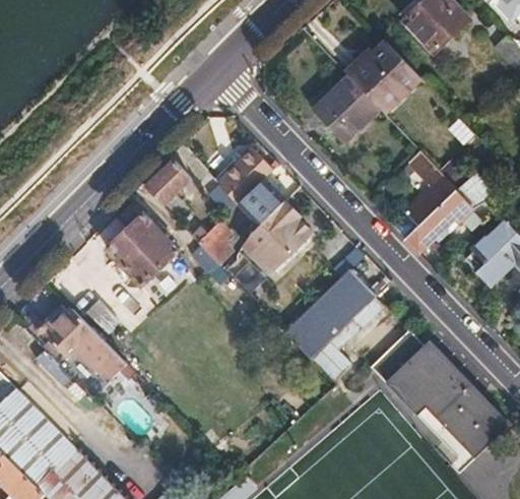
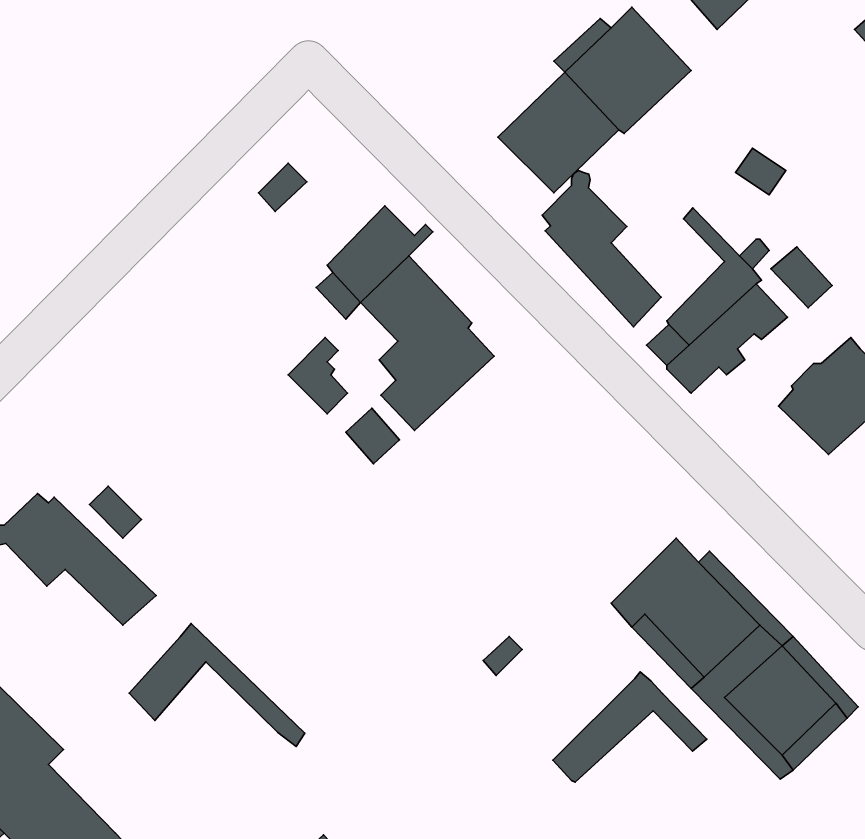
building: none -> [542,171,661,327]
building: [144,160,191,205] -> none
building: [106,214,177,285] -> none
building: [284,269,375,358] -> none
building: none -> [129,624,305,747]
building: none -> [553,672,707,782]

